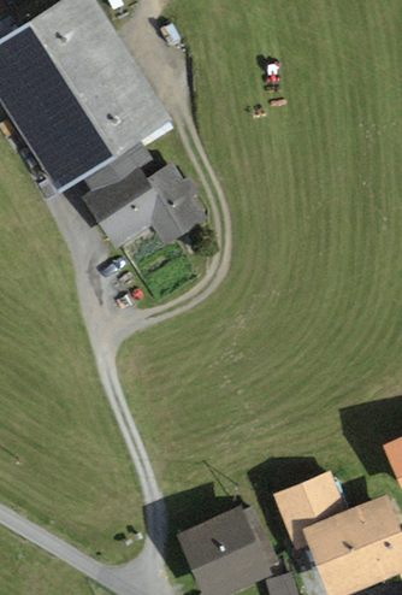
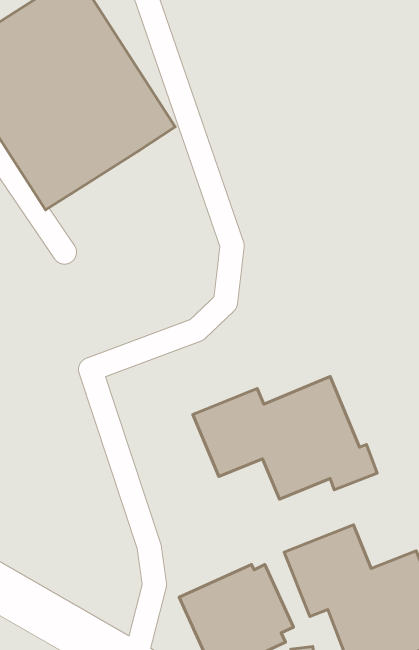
building: [79,140,208,251] -> none
building: none -> [193,376,377,499]

